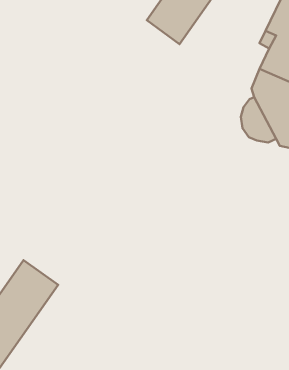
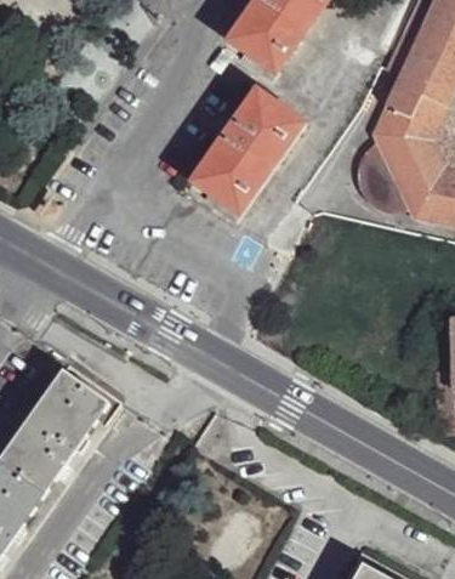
building: none -> [193,91,305,215]

